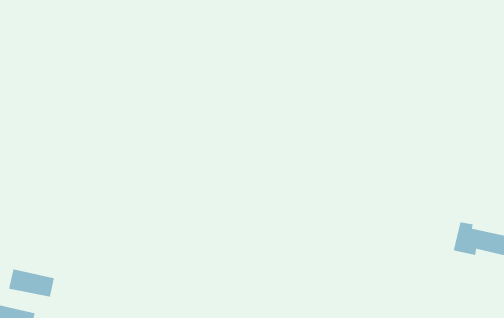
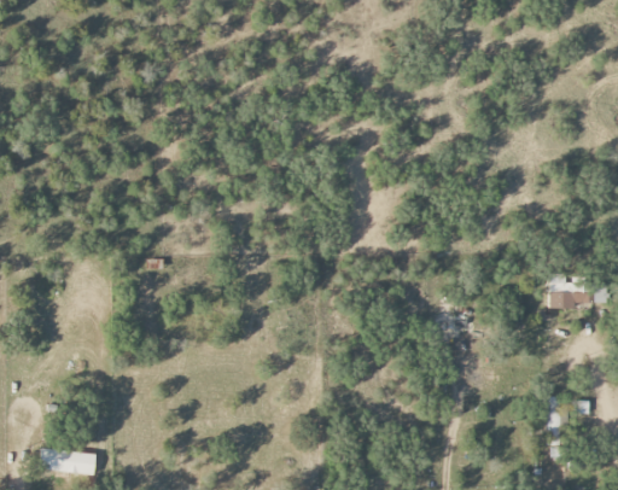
building: [8,268,55,298] -> none

